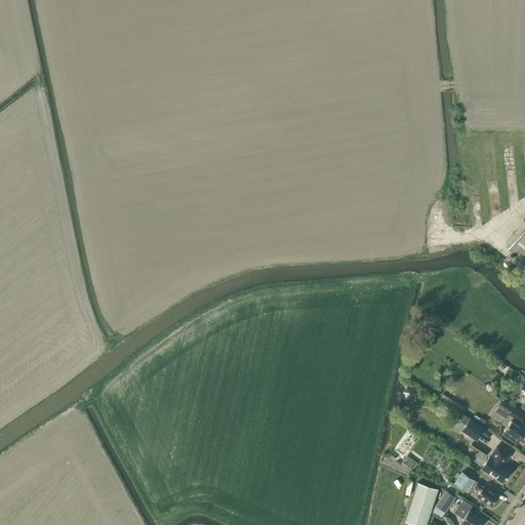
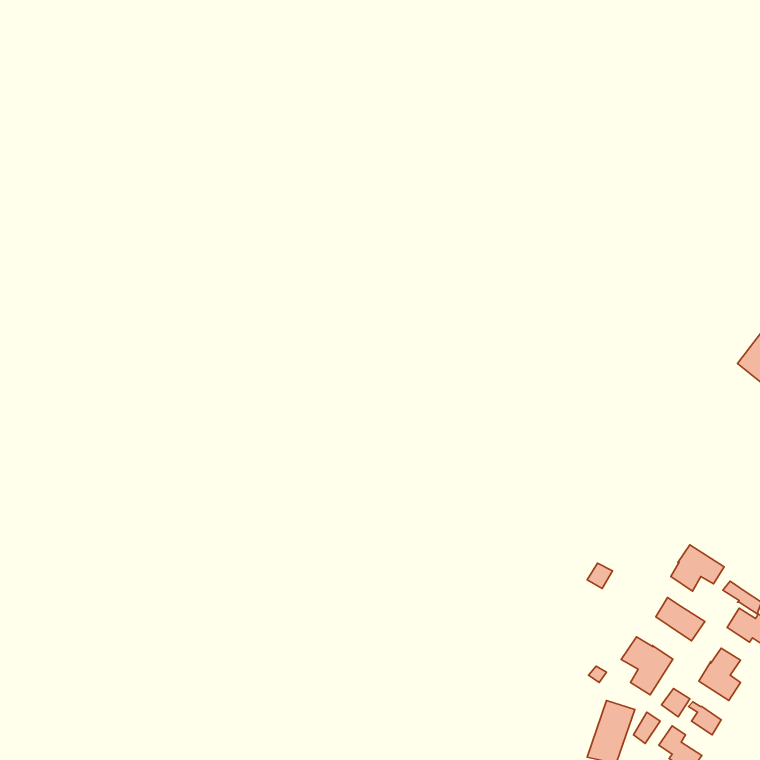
building: none -> [671,545,724,591]
building: none -> [621,637,673,695]

